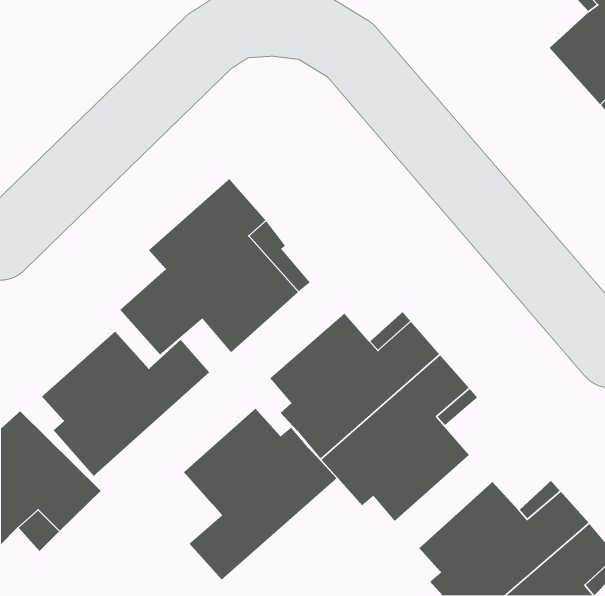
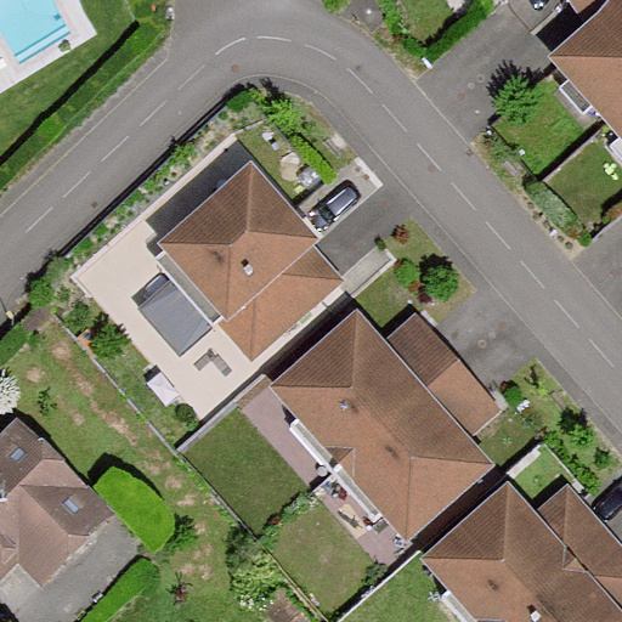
building: [41,331,210,477] -> none
building: [183,408,337,580] -> none

